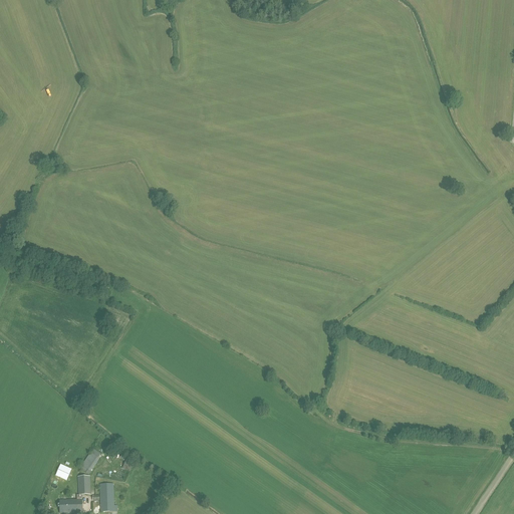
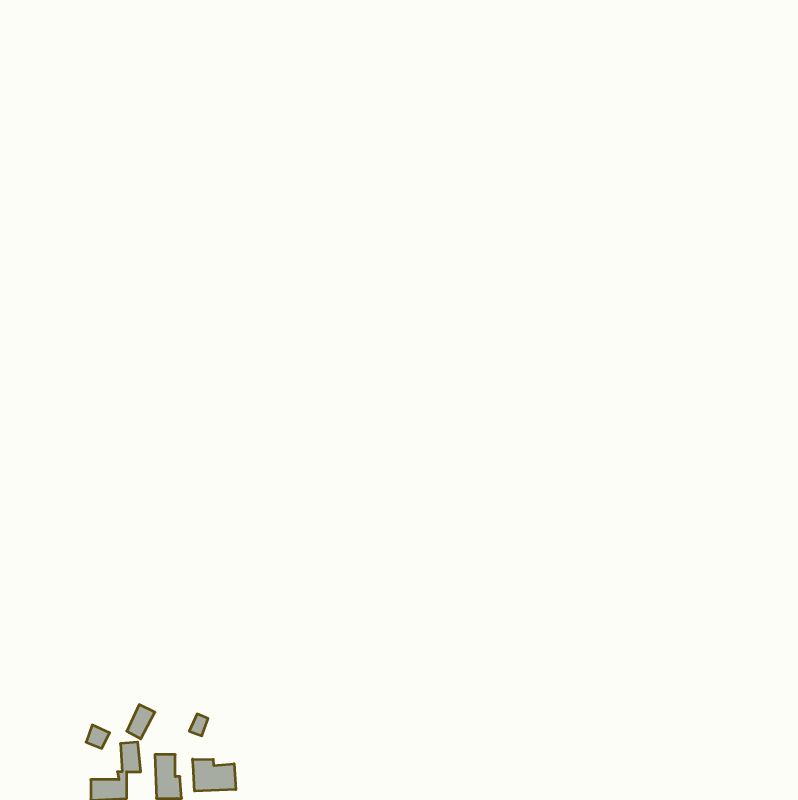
building: none -> [193,759,236,791]

